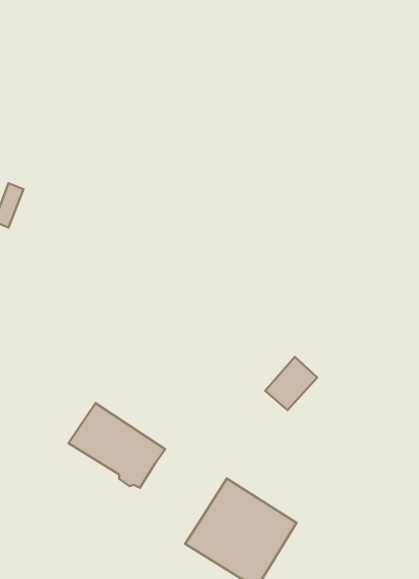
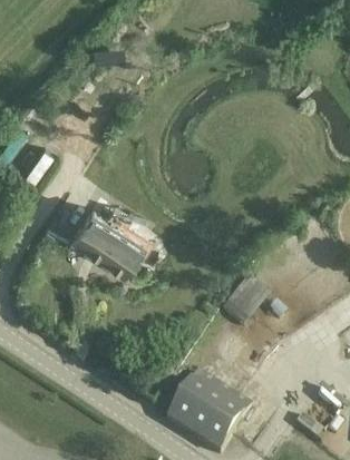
building: [69,403,165,488] -> [68,212,140,275]

